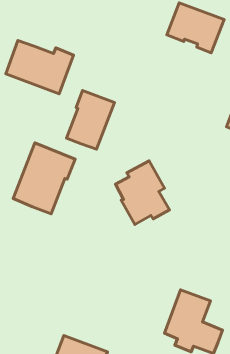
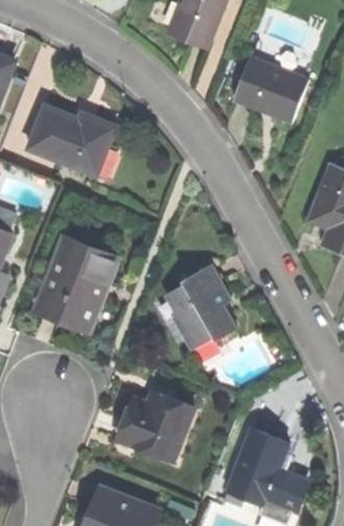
building: [66,90,114,149] -> none
building: none -> [119,392,195,461]

